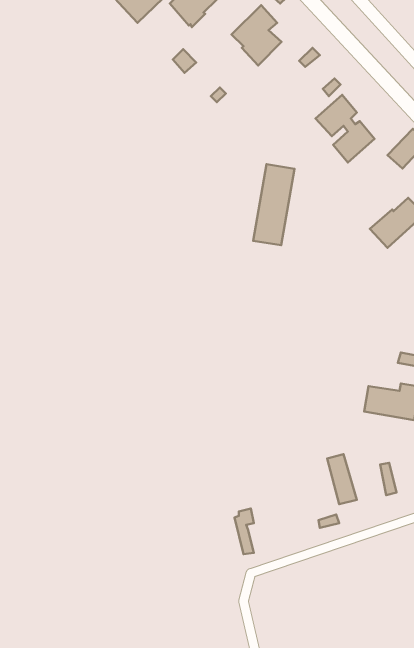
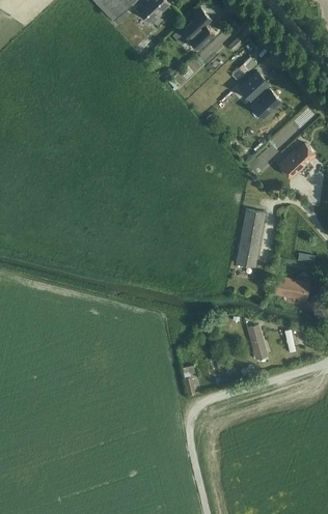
building: [253,164,294,245] -> [238,210,267,267]

